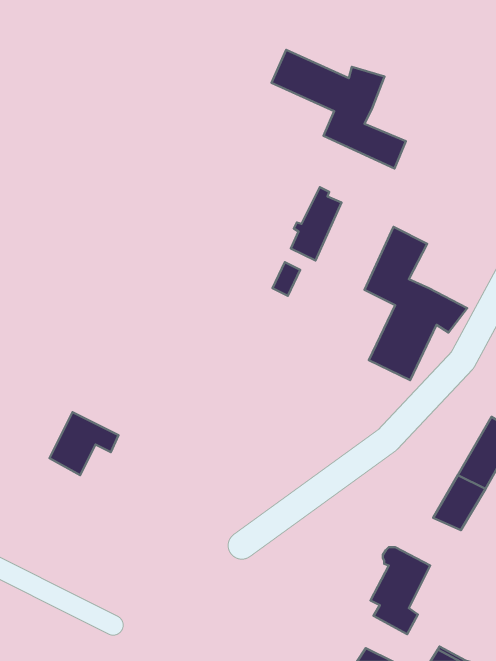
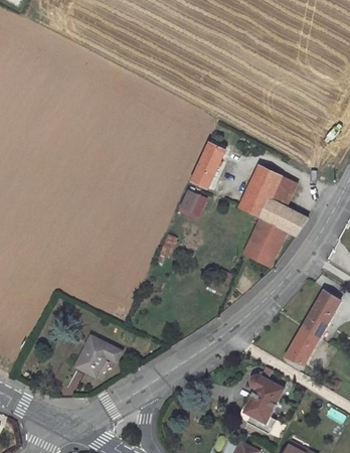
building: [271,50,406,168] -> none
building: none -> [270,176,294,205]
building: [49,412,118,475] -> [75,335,121,376]

